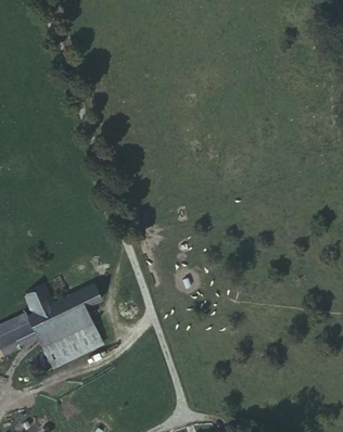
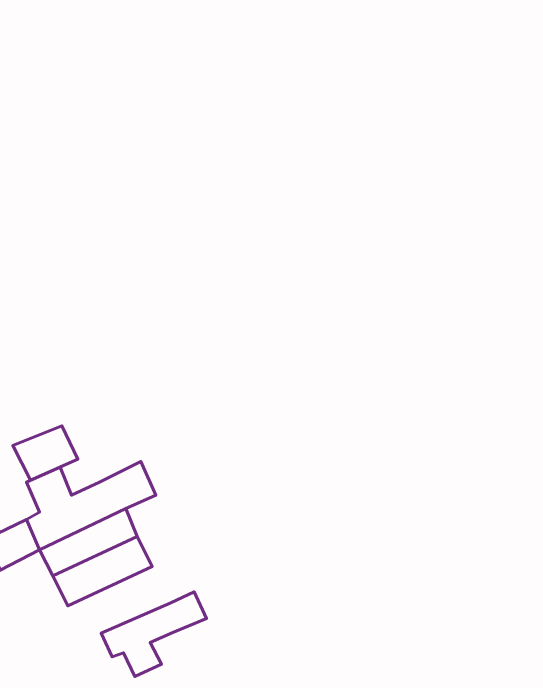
building: none -> [13,426,78,480]
building: none -> [101,592,207,676]

